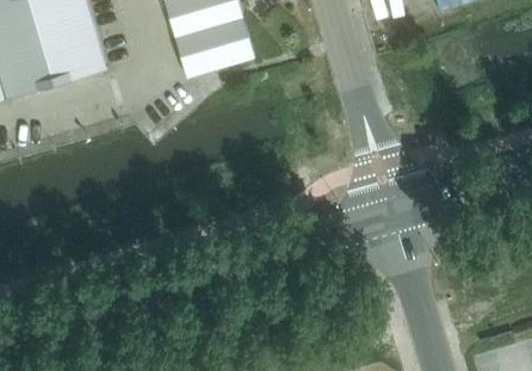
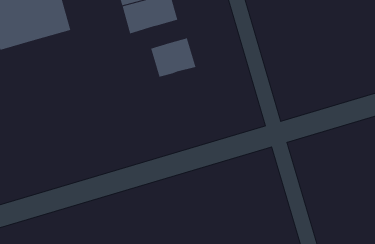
building: none -> [151,37,196,77]

